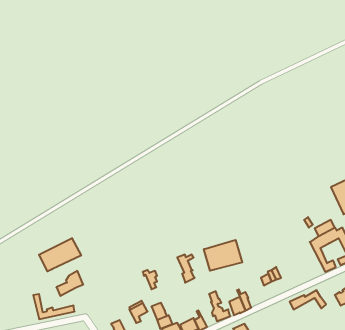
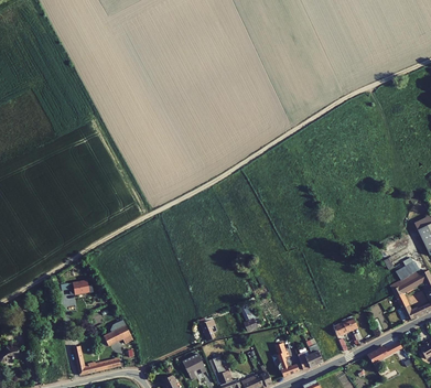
building: [39,238,81,271] -> none
building: [204,240,242,271] -> none

